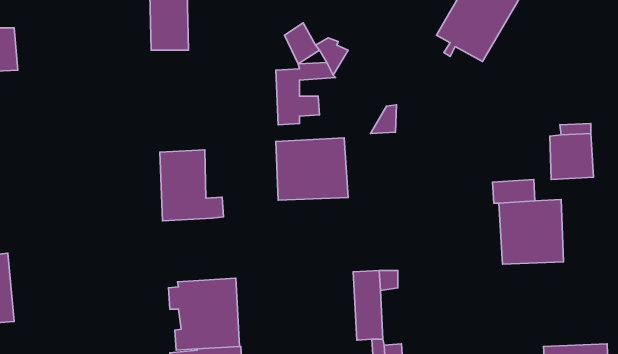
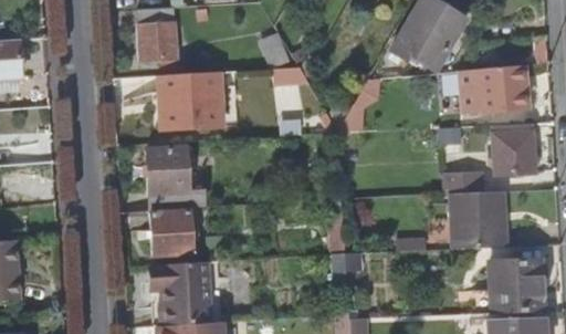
building: none -> [459,64,526,111]
building: [276,138,348,200] -> [159,73,223,128]
building: none -> [151,208,197,255]
building: none -> [492,261,544,313]

